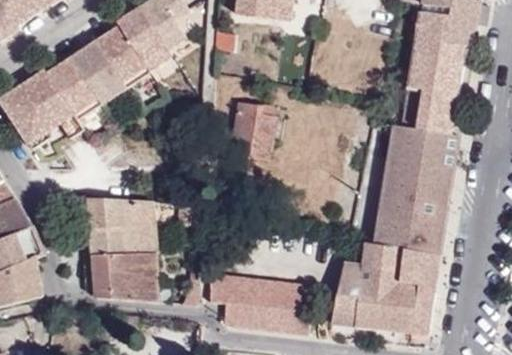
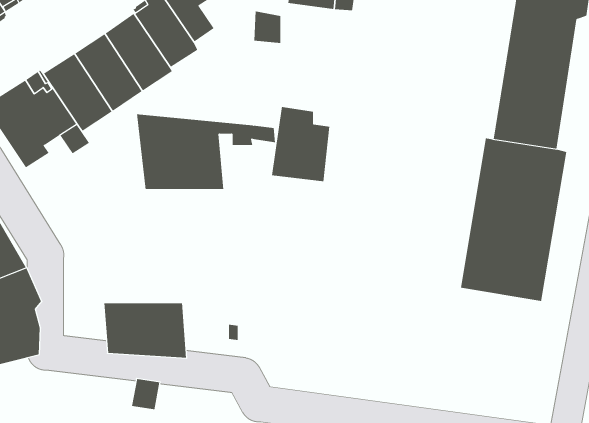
building: [84,195,195,255] -> [136,114,276,190]
building: [332,242,439,335] -> none
building: [208,268,311,333] -> none

